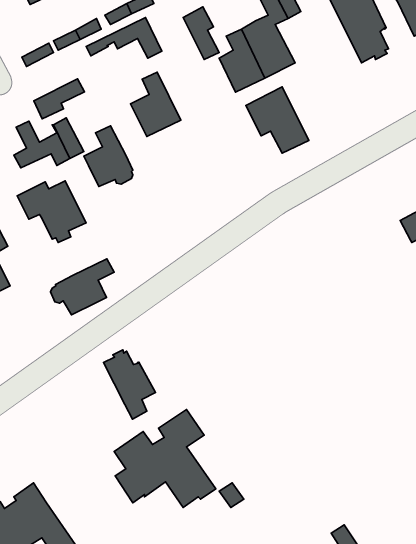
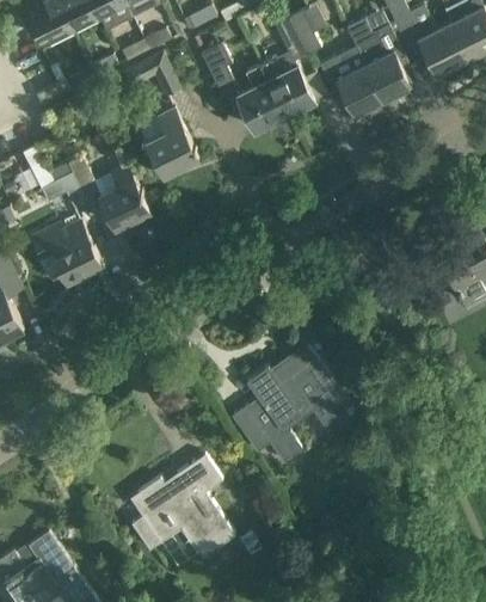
building: [34,79,85,119] -> none
building: [246,87,309,153] -> [318,47,382,115]
building: [51,259,114,315] -> none
building: none -> [244,345,352,463]
building: [103,350,155,419] -> none

